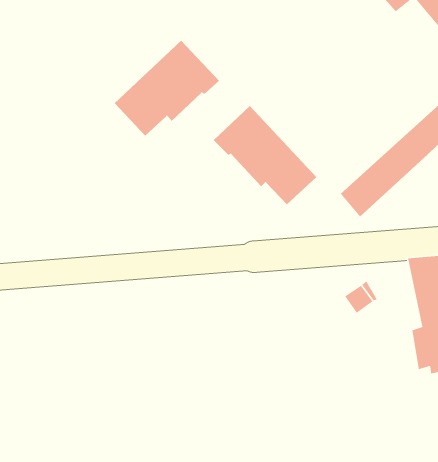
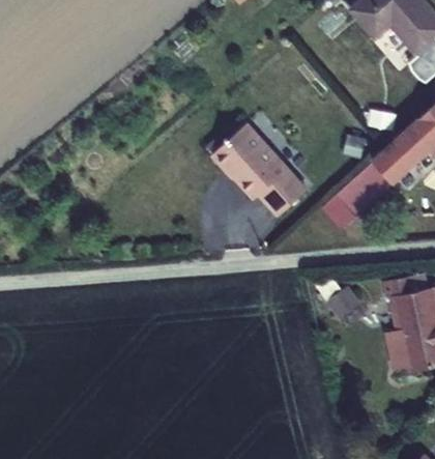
building: [114,40,220,136] -> none

